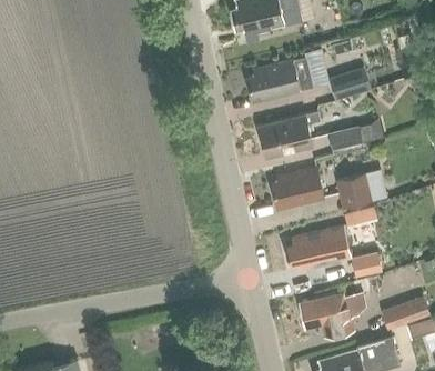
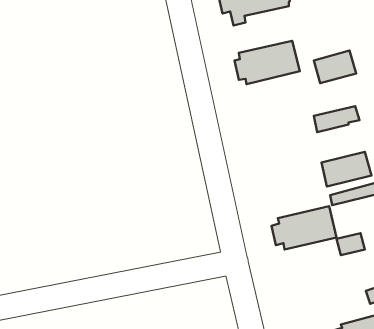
building: [259,111,320,157] -> none
building: [272,167,325,208] -> none
building: [300,291,352,335] -> none

